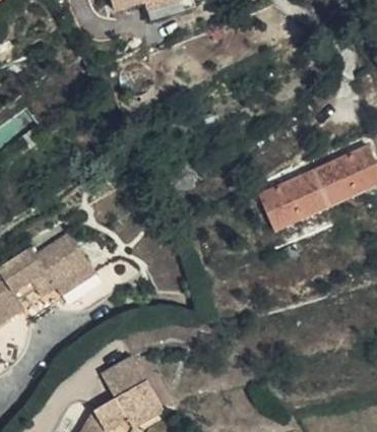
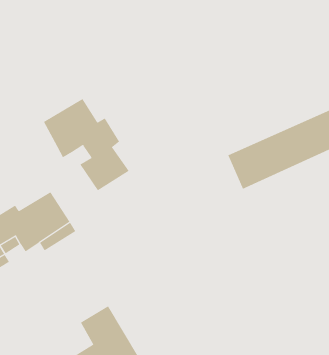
building: none -> [43,98,129,191]

